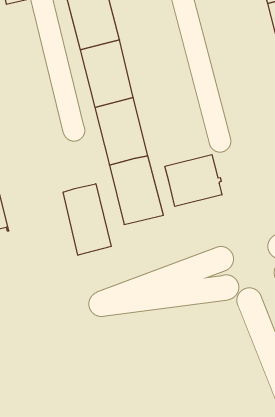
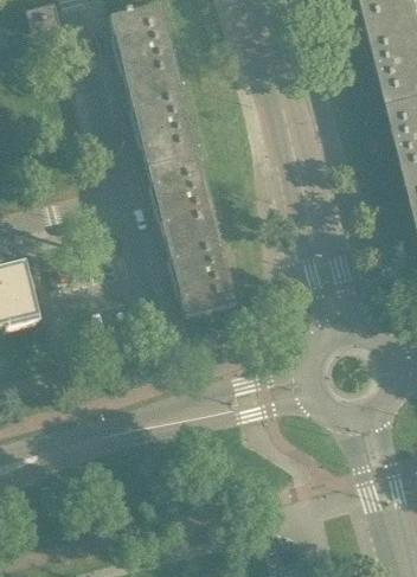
building: [165,155,222,206] -> none
building: [63,184,111,255] -> none

